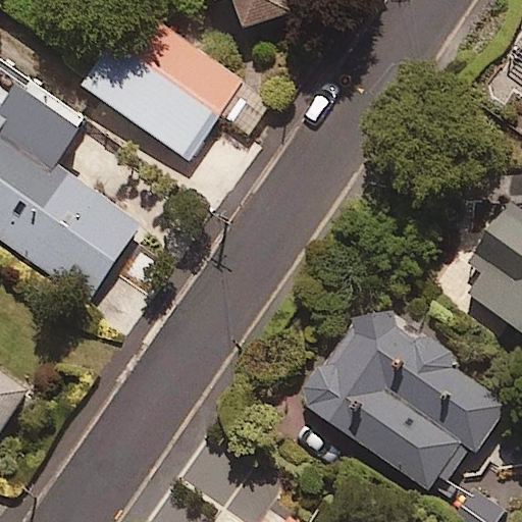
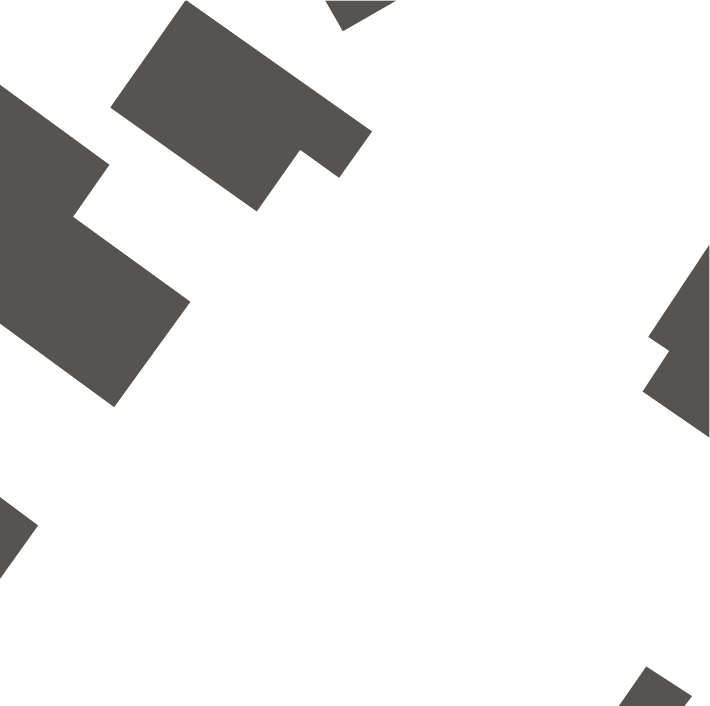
building: [298,296,511,492] -> none

